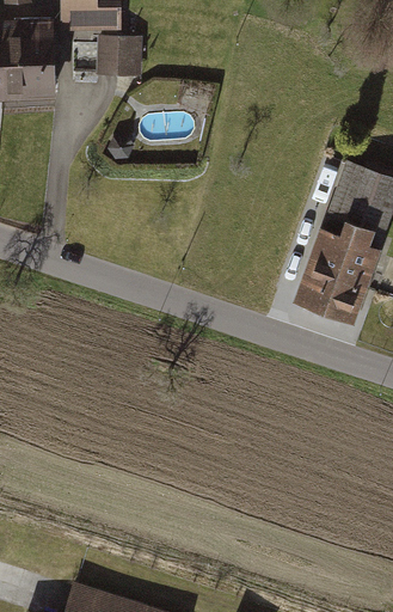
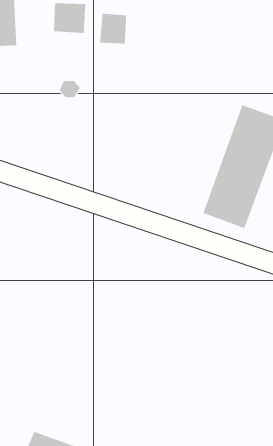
building: none -> [99,13,127,45]

